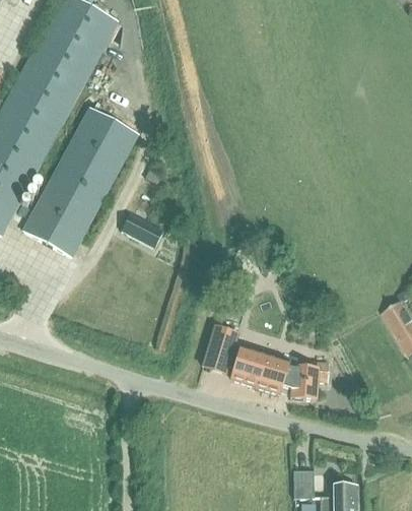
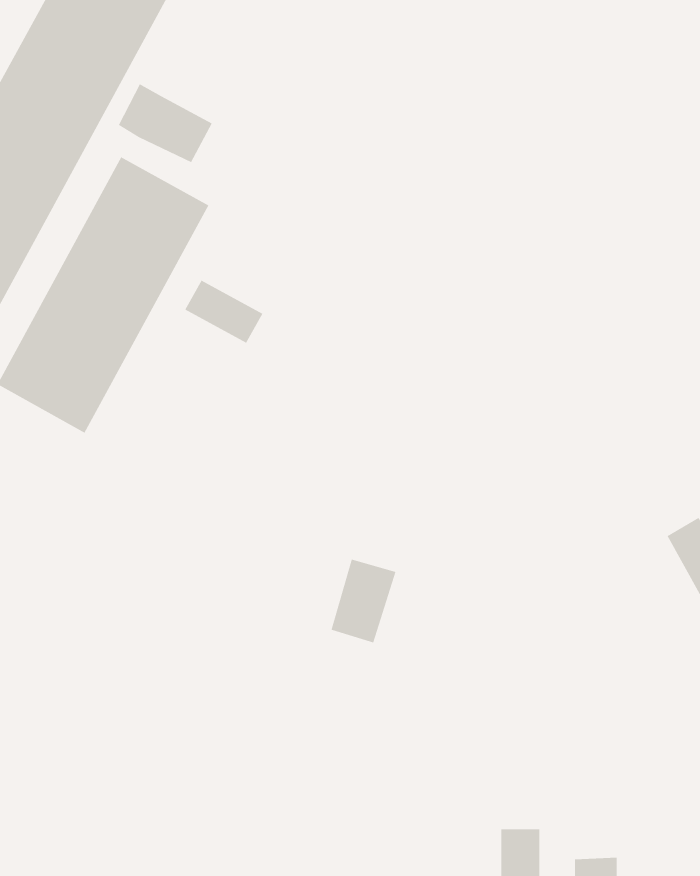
building: none -> [118,83,213,163]
building: [120,212,162,247] -> [184,280,264,344]
building: [228,341,329,398] -> none

